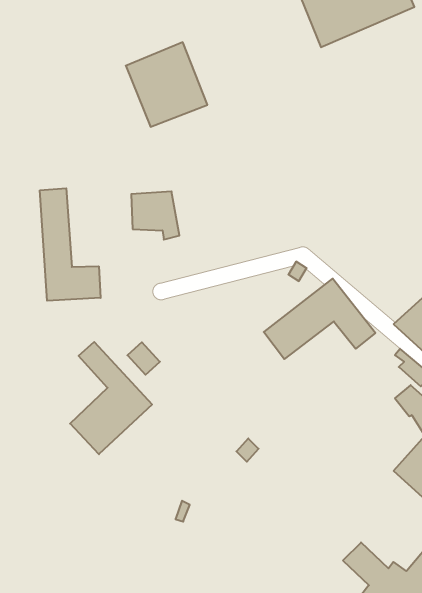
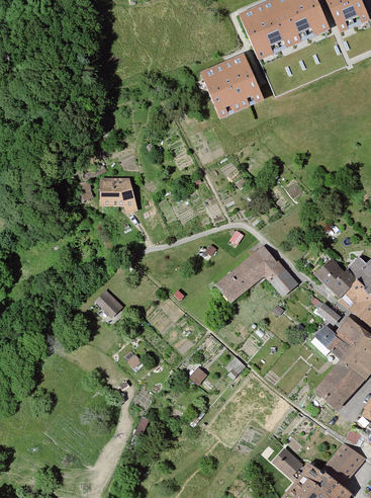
building: [126,42,207,127] -> [198,53,262,118]
building: [40,188,101,301] -> none
building: [70,342,152,454] -> none

